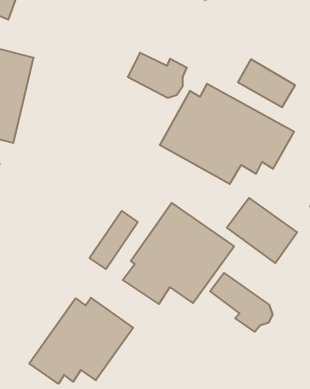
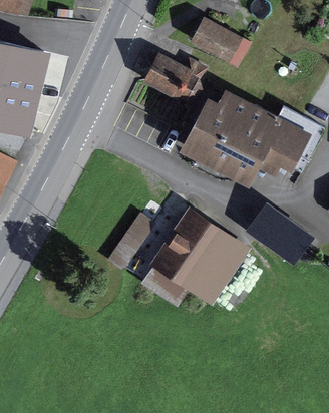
building: [238,59,295,107] -> [191,17,248,65]
building: [210,273,273,332] -> none
building: [29,298,133,384] -> none

